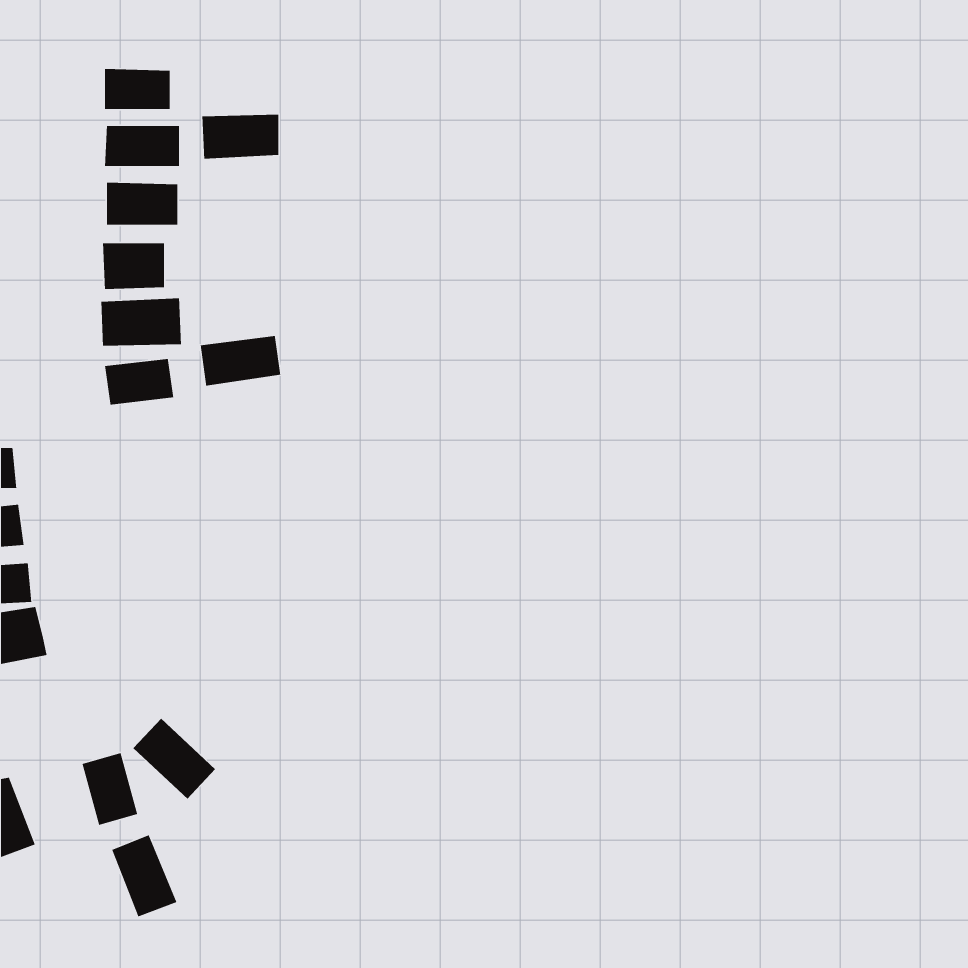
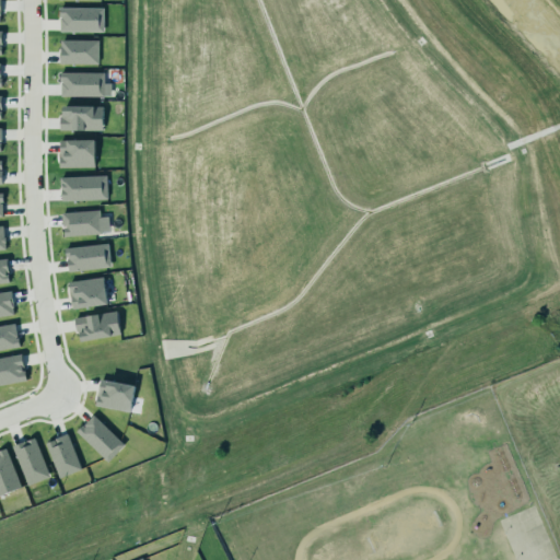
building: [202,114,279,159] -> [59,7,104,33]
building: [200,335,281,386] -> [65,243,112,272]
building: none -> [70,278,107,307]
building: none -> [75,311,121,342]
building: none -> [95,378,136,412]
building: [111,834,178,918] -> [12,438,50,486]

